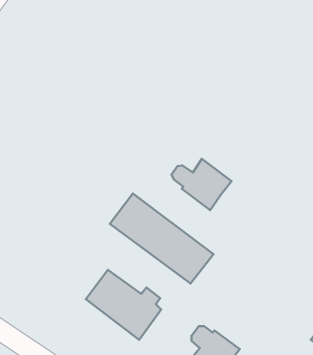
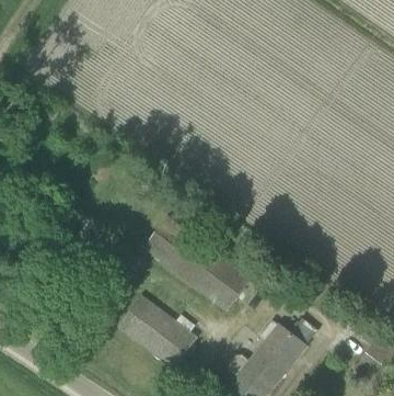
building: [172,159,231,210] -> none
building: none -> [253,320,317,380]

